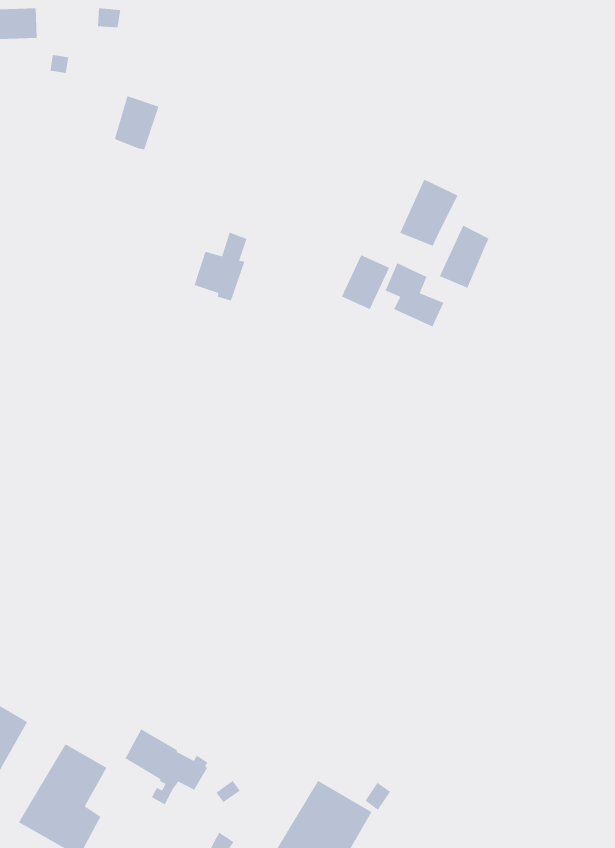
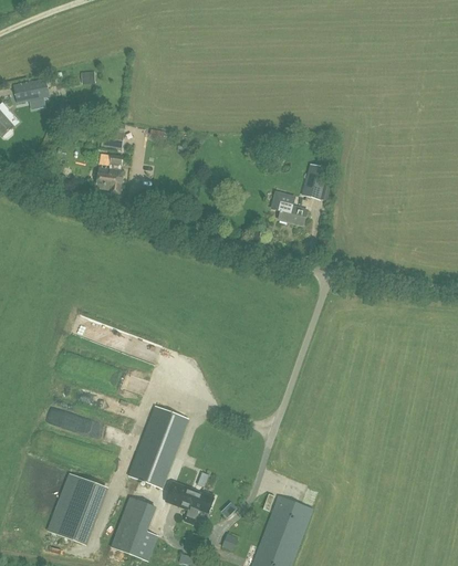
building: [399,179,458,247] -> none
building: [194,232,247,301] -> [95,154,123,193]
building: [341,254,390,310] -> none
building: none -> [128,406,188,489]

